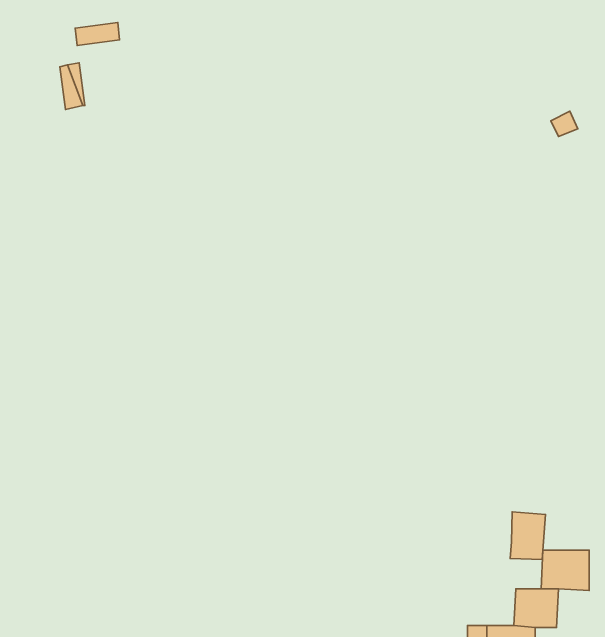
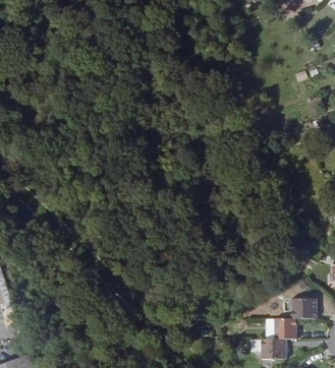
building: [510,512,546,560] -> none

